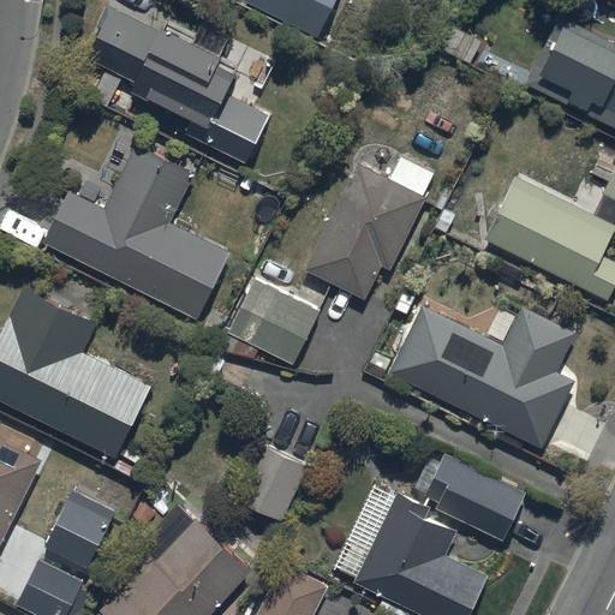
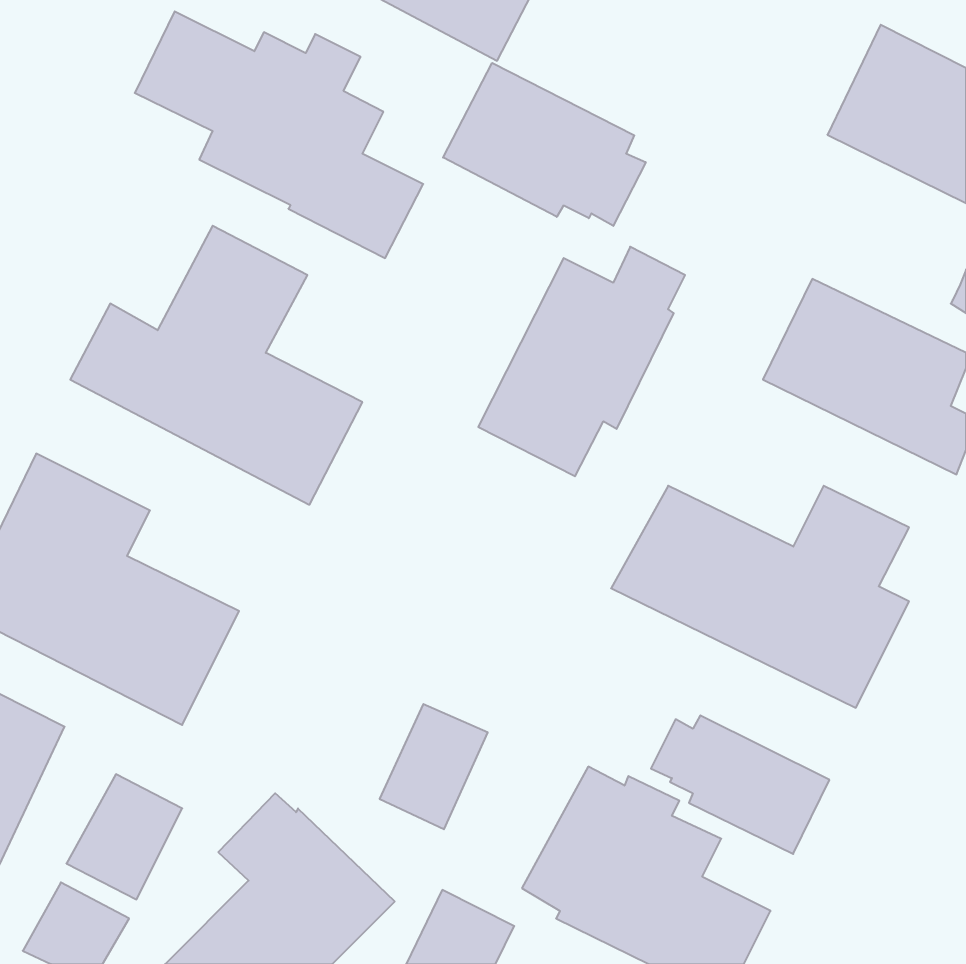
building: none -> [443,63,646,226]
building: [225,279,318,365] -> none

